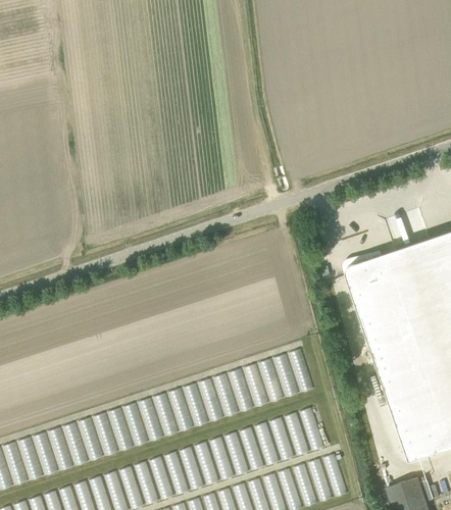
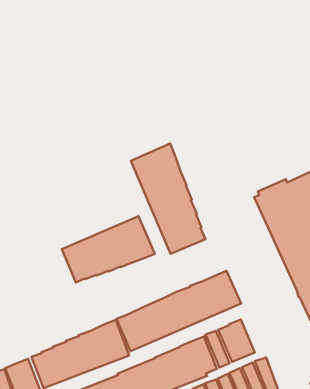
building: none -> [131,144,206,254]
building: none -> [62,216,155,283]

